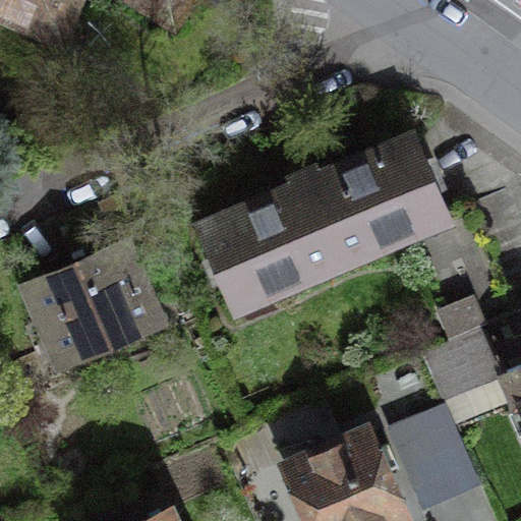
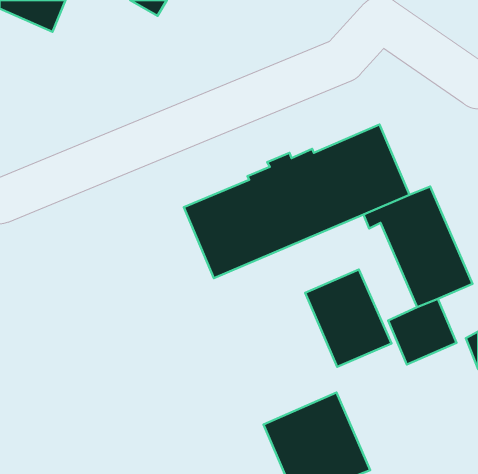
building: [30,247,153,364] -> none
building: [385,404,478,510] -> [305,270,391,367]

